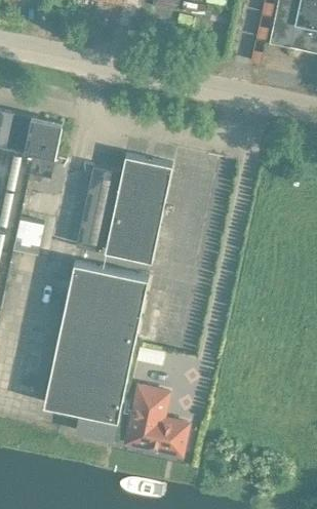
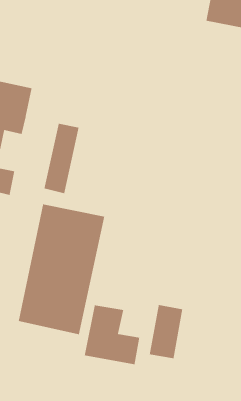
building: [104,156,171,262] -> none
building: none -> [149,304,183,359]

